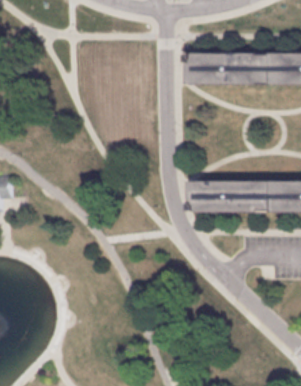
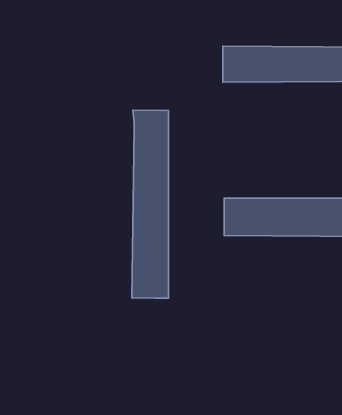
building: none -> [132,110,168,298]

